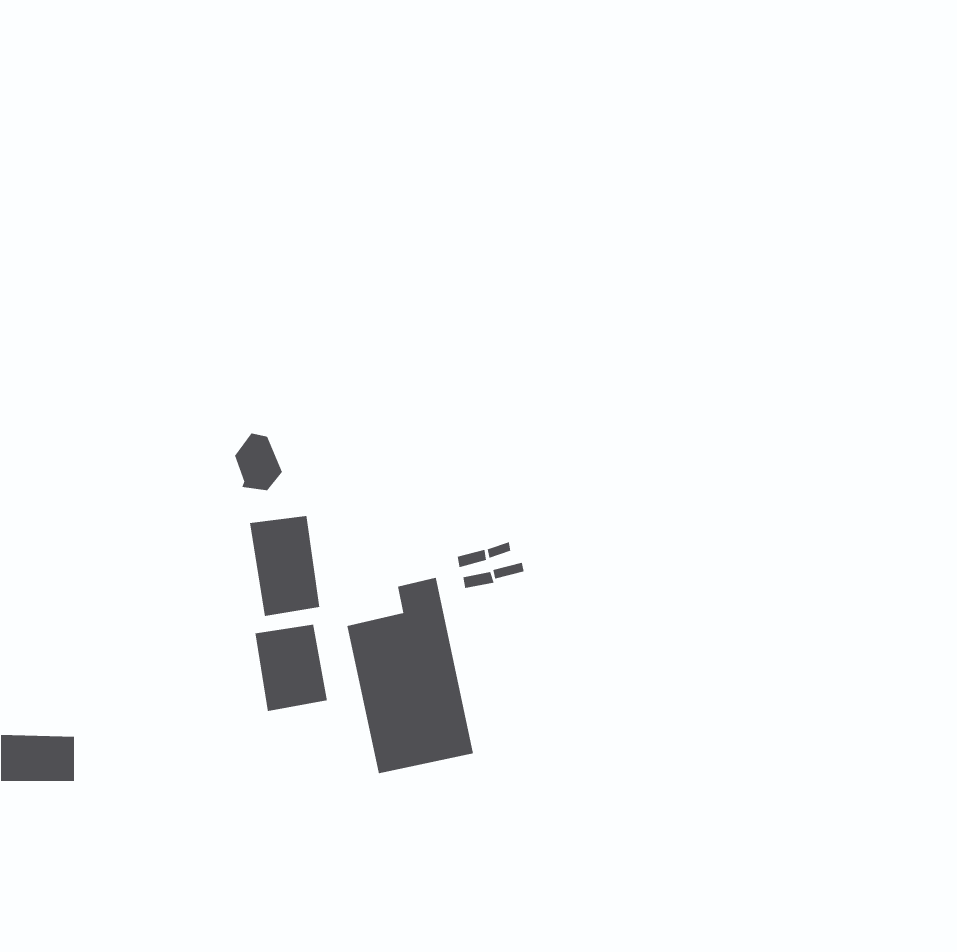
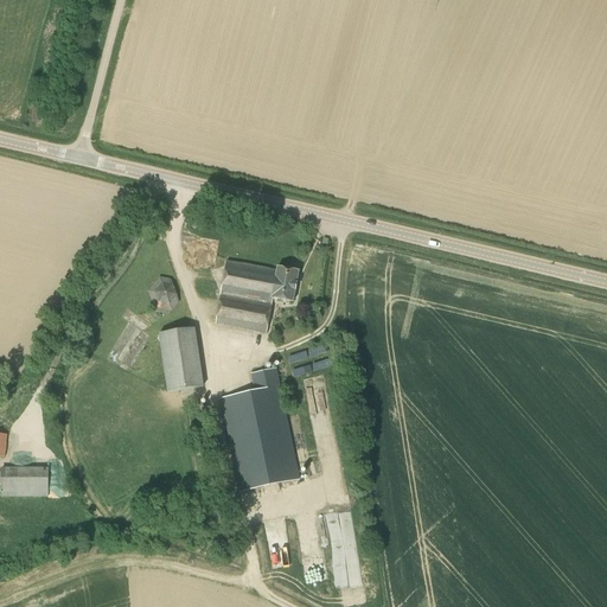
building: none -> [217,260,298,330]
building: [255,624,327,712] -> none

